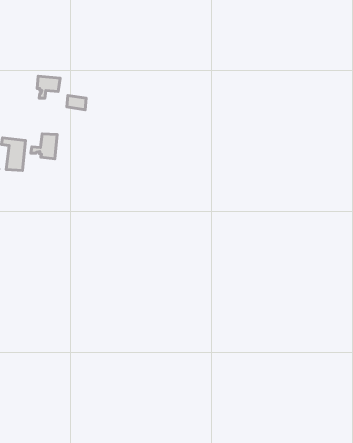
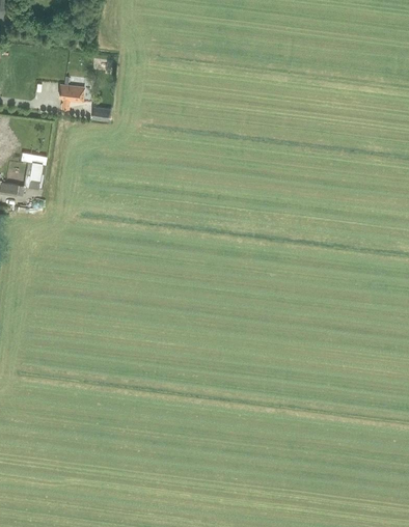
building: [31,134,57,159] -> none

